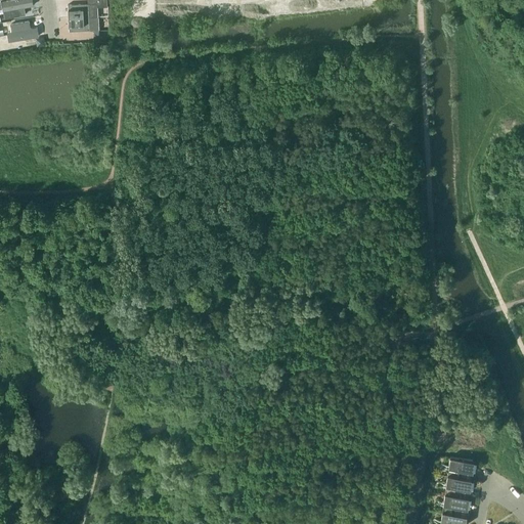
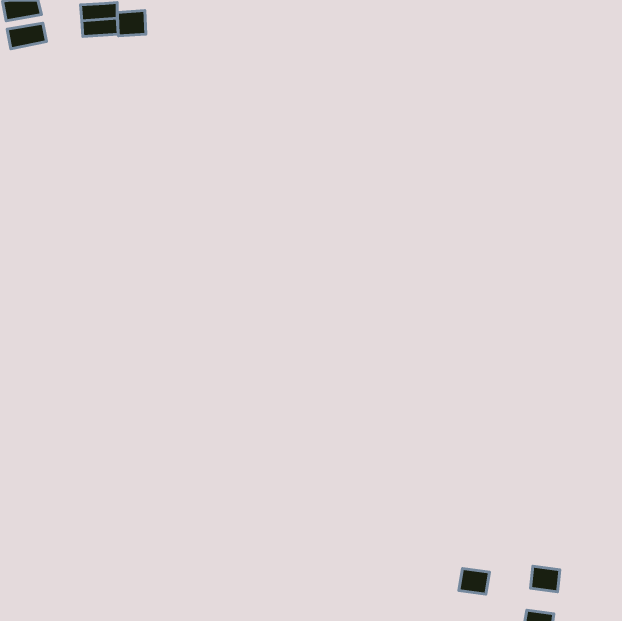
building: none -> [117,11,146,36]
building: [448,458,474,480] -> none
building: [443,495,469,517] -> [459,569,489,594]

